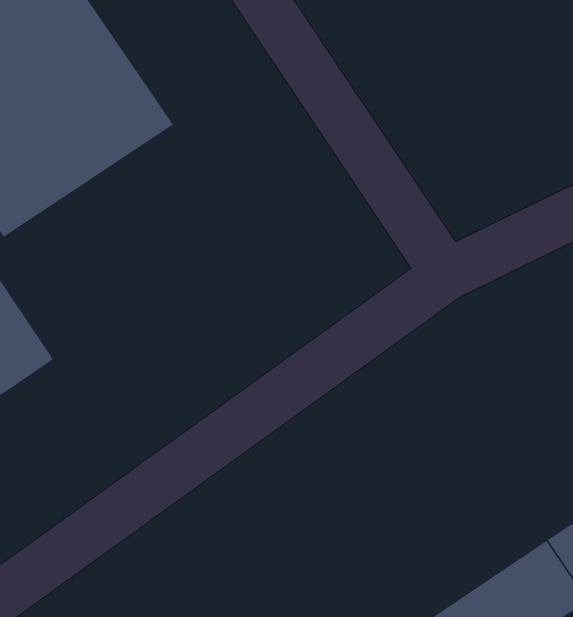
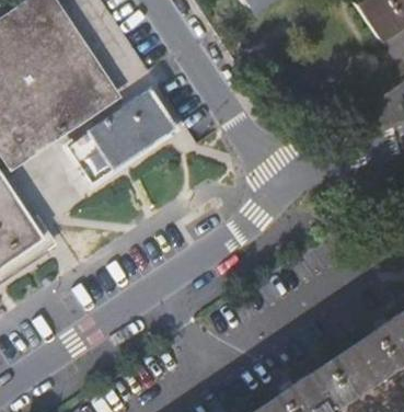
building: none -> [70,93,176,183]

